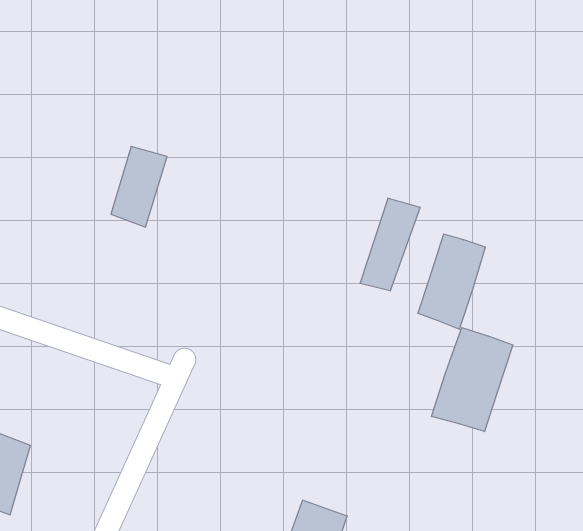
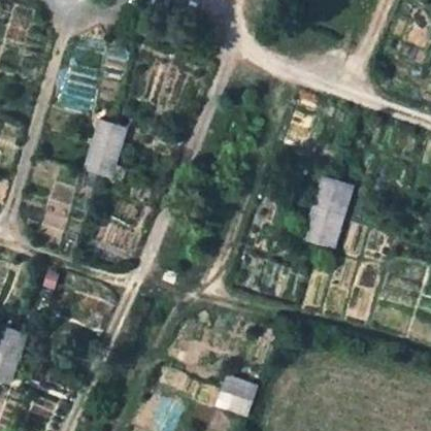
building: [360,198,420,291] -> none
building: [432,328,513,432] -> none

